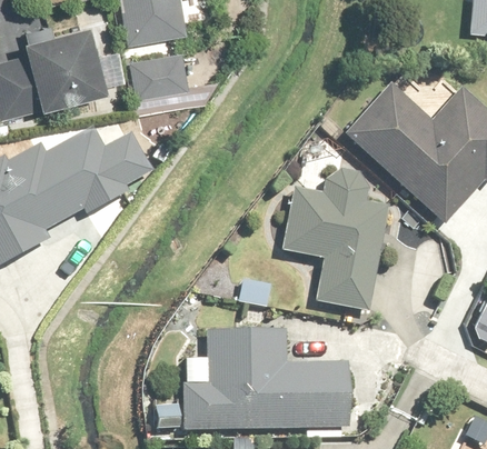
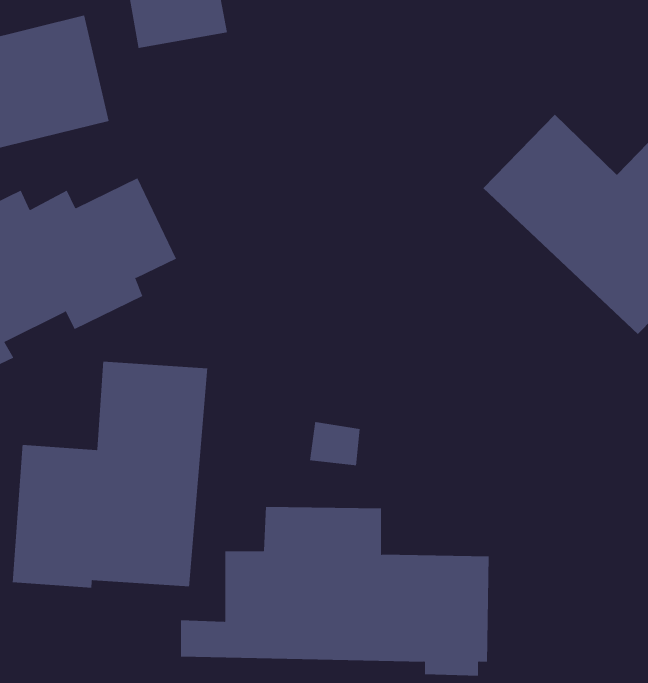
building: [130,50,186,97] -> none
building: [282,170,386,309] -> none
building: none -> [12,361,208,589]

